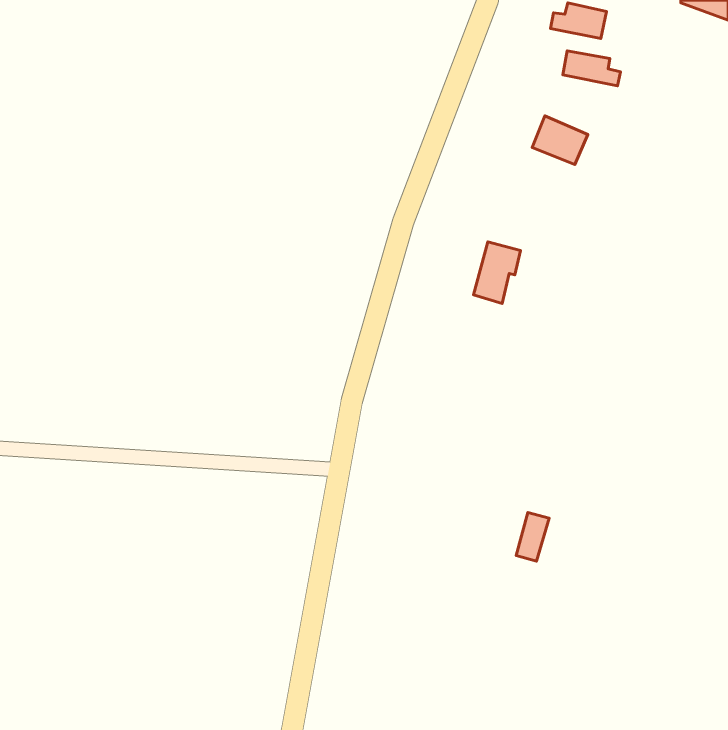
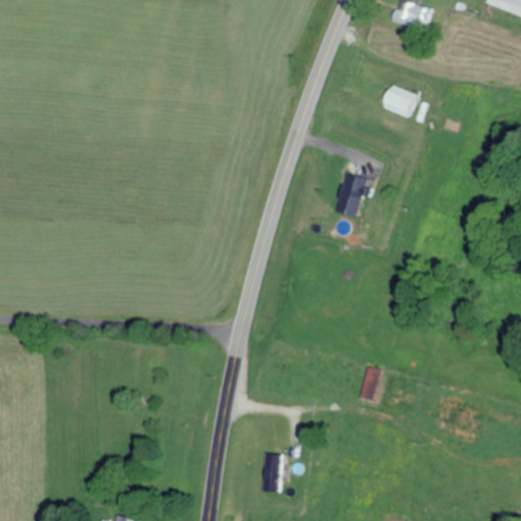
building: [563,51,620,86] -> none
building: none -> [268,453,287,491]

